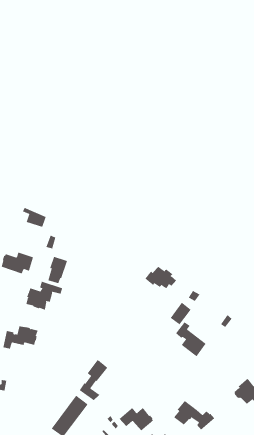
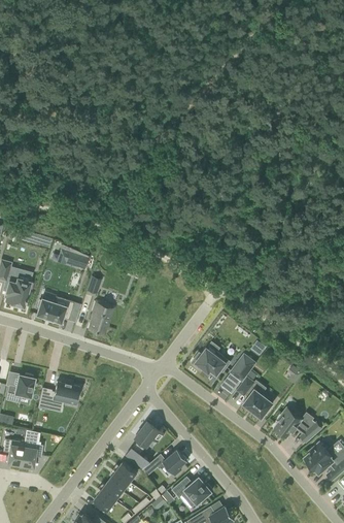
building: [145,266,177,289] -> [192,348,229,374]
building: [26,281,63,310] -> none
building: none -> [143,449,187,476]
building: [173,400,215,431] -> [274,407,322,443]

